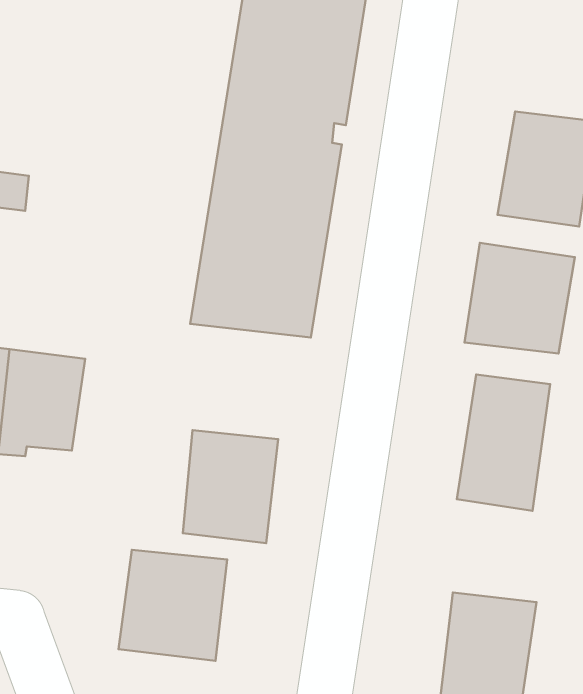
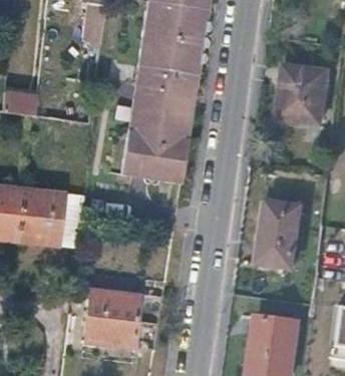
building: [465,243,575,354] -> none
building: [183,430,278,543] -> none

